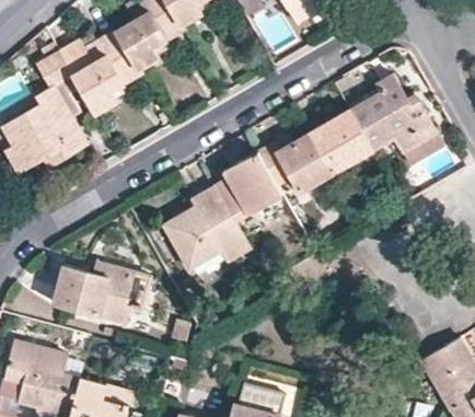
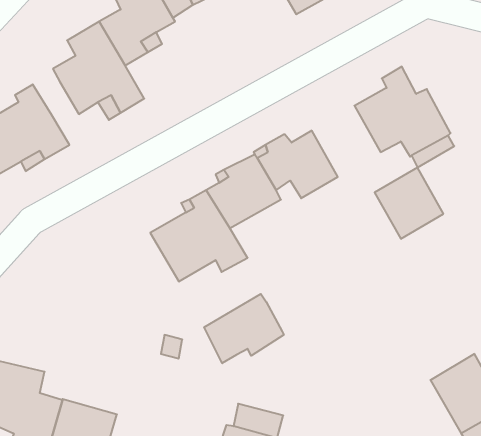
building: [40,54,79,117] -> none
building: [311,108,374,174] -> [375,167,443,239]
building: [51,262,134,327] -> none
building: none -> [204,294,284,363]

